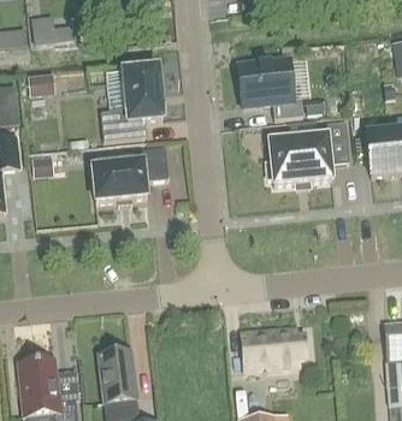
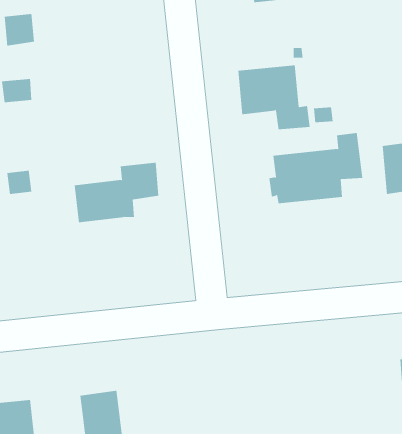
building: [101,65,162,138] -> none
building: [240,324,307,369] -> none

